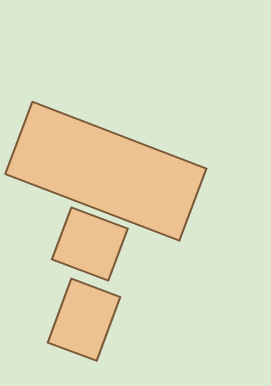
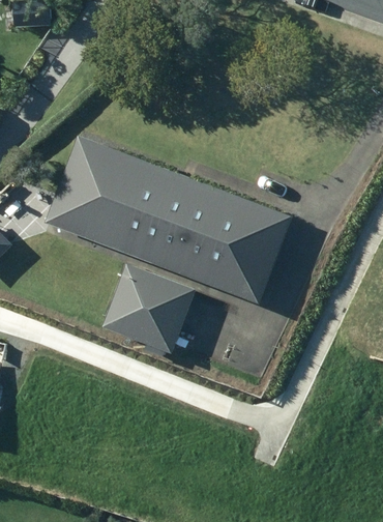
building: [48,279,120,361] -> none

